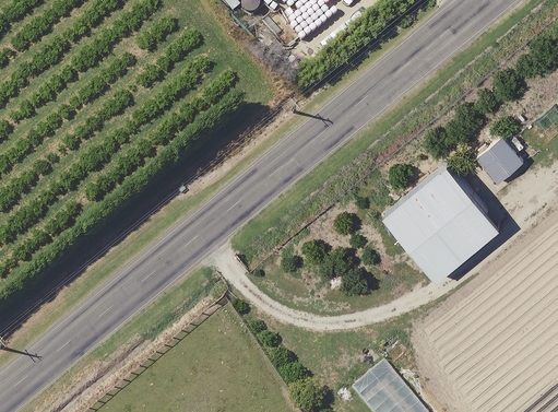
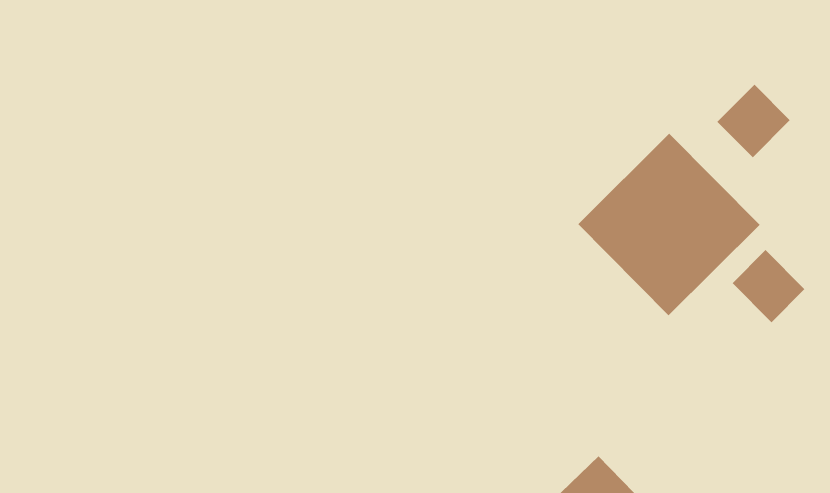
building: none -> [732,249,805,323]

